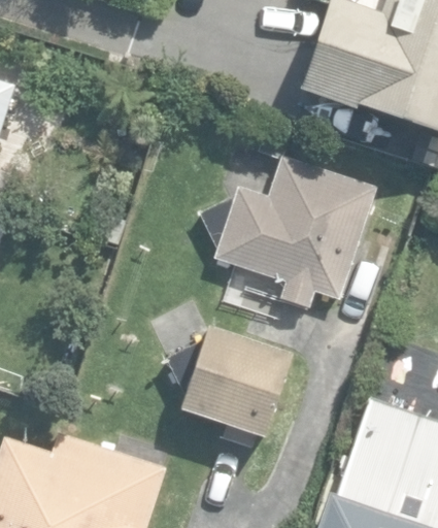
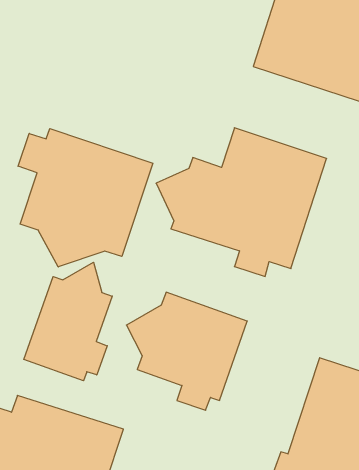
building: none -> [18,129,153,267]
building: none -> [24,262,112,381]

